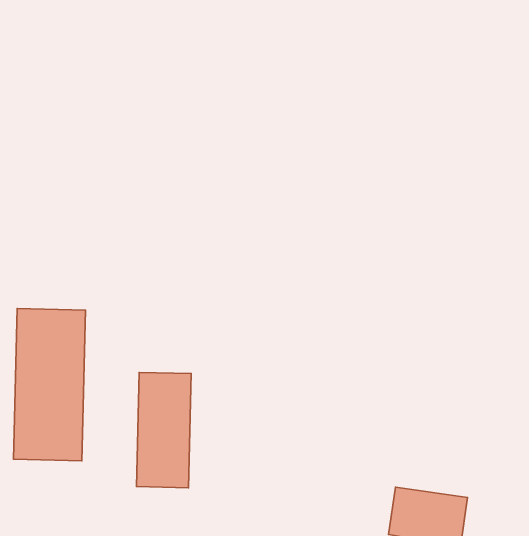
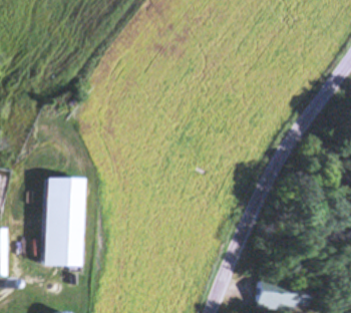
building: [136,373,191,488] -> none

